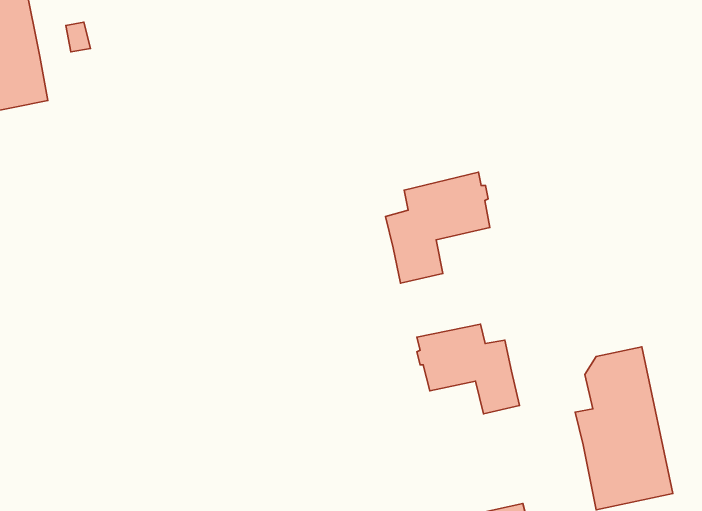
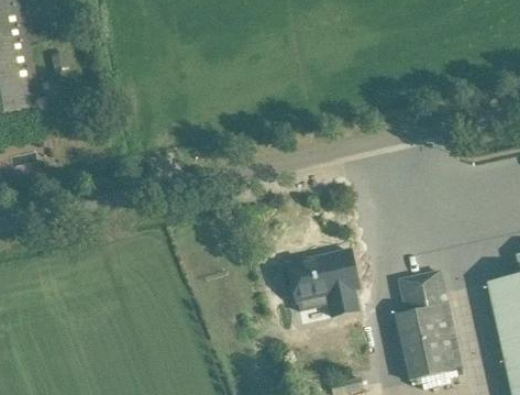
building: [386,172,490,283] -> none

